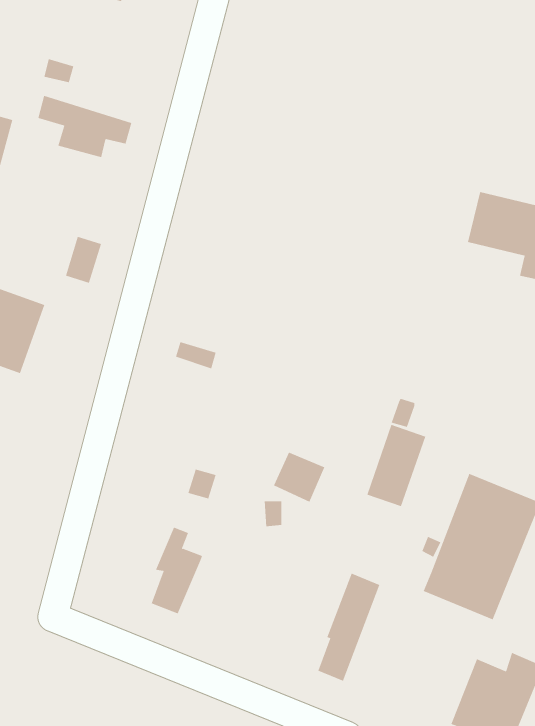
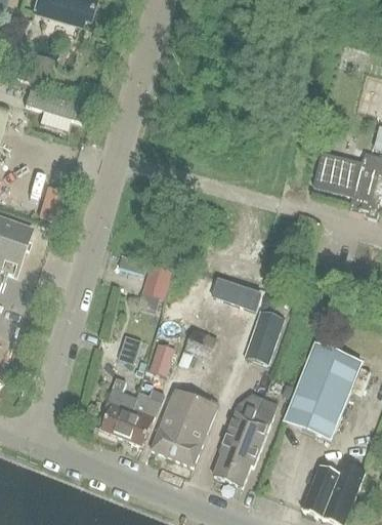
building: none -> [141,262,170,297]
building: none -> [201,276,254,308]
building: none -> [148,342,175,375]
building: none -> [120,389,163,445]
building: none -> [151,389,217,466]
building: none -> [230,398,278,485]

